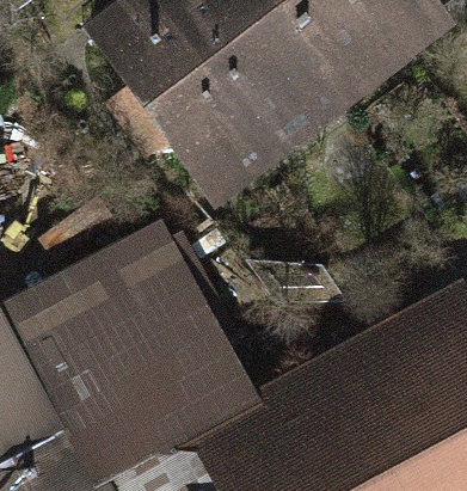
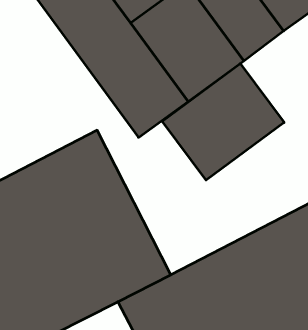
building: none -> [162,64,284,180]

